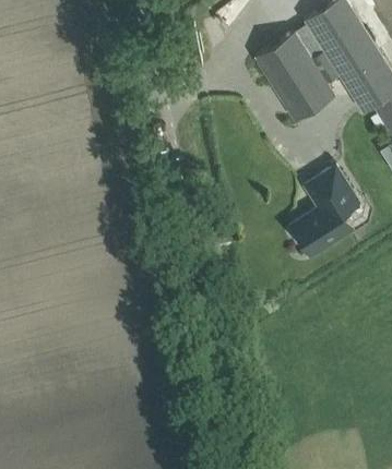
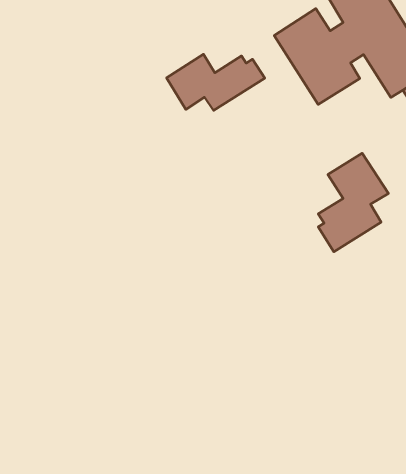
building: none -> [167,54,265,111]

